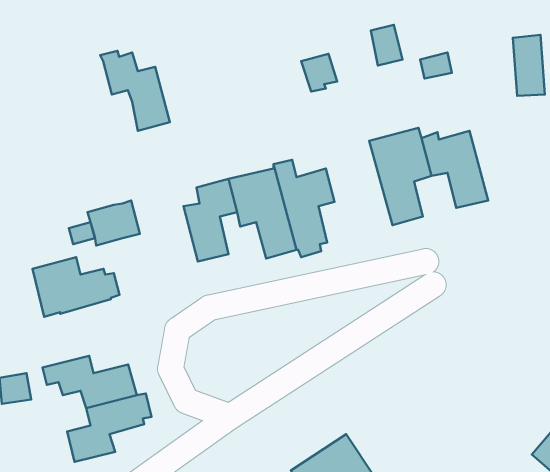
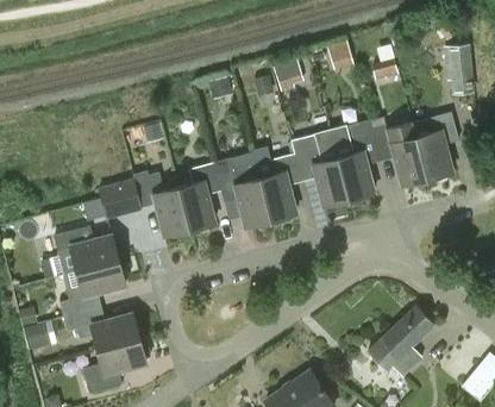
building: [100,51,170,131] -> [132,171,189,237]
building: none -> [412,113,458,180]
building: none -> [290,131,349,207]
building: none -> [59,261,124,317]
building: none -> [368,305,434,377]

